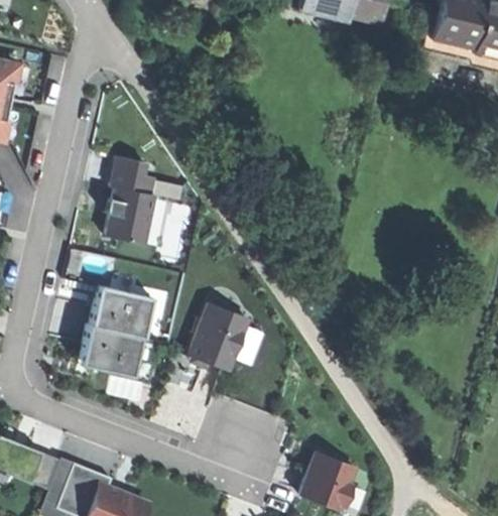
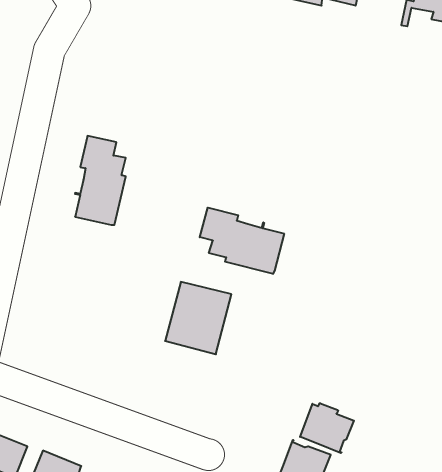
building: none -> [200,208,284,274]
building: [78,285,157,377] -> none
building: none -> [300,403,354,453]

